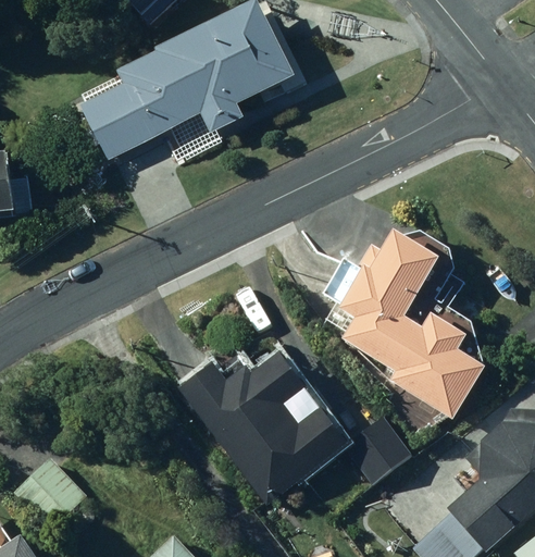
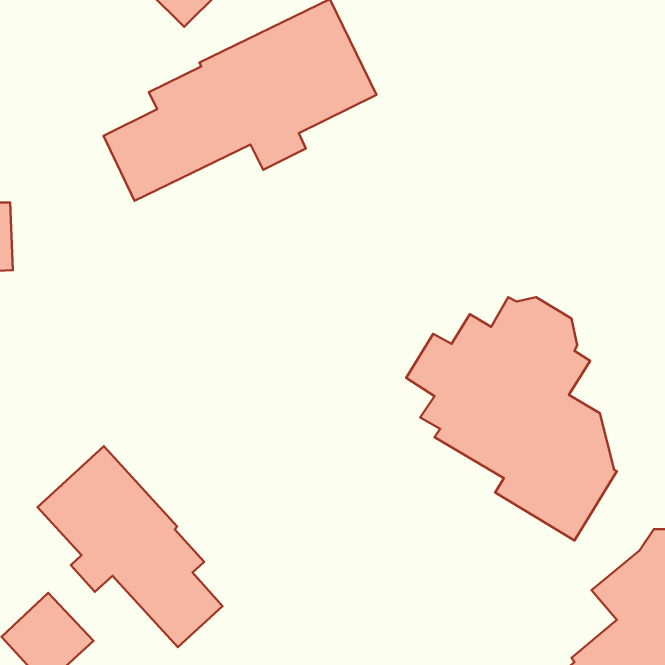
building: none -> [38,446,222,647]
building: [172,352,409,503] -> none

